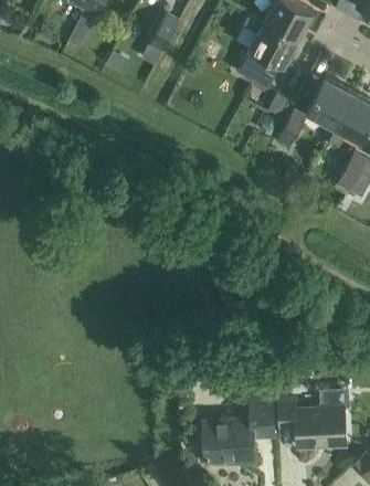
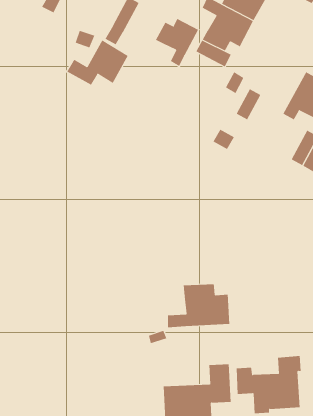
building: none -> [155,18,199,67]
building: none -> [66,40,128,85]
building: [306,78,351,137] -> none
building: none -> [167,283,230,328]

